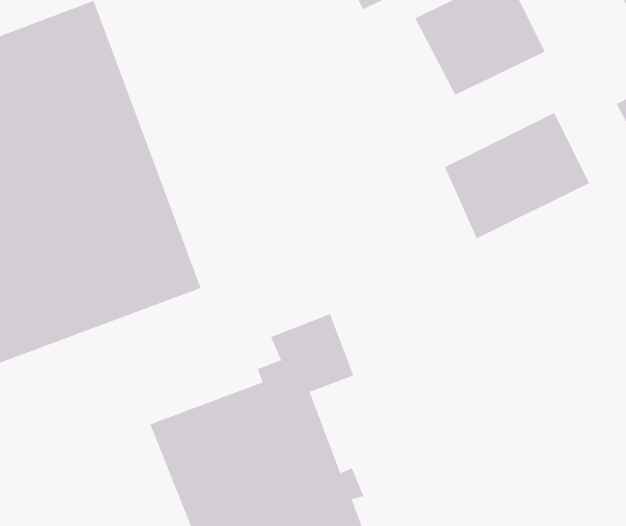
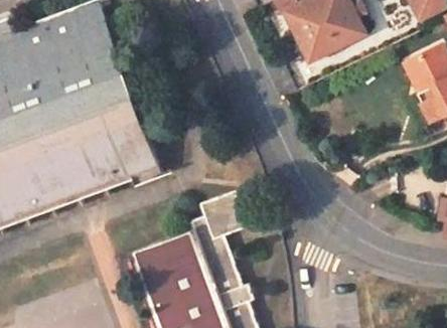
building: [444,112,590,239] -> none

